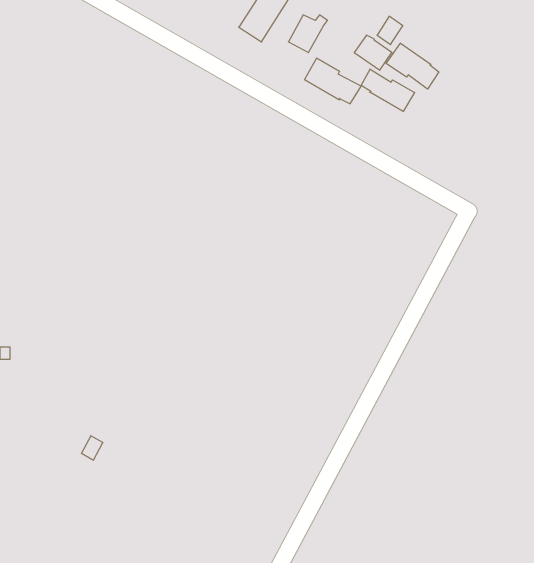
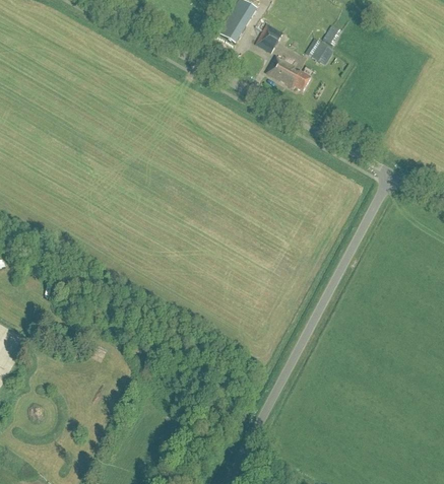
building: [386,43,439,89] -> none
building: [361,69,415,111] -> none

